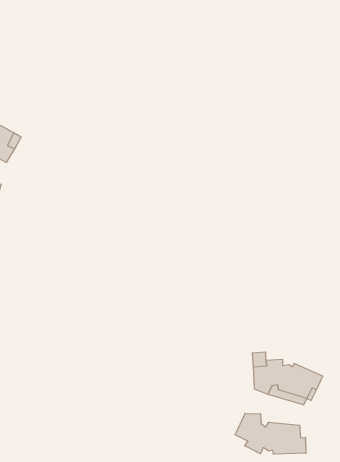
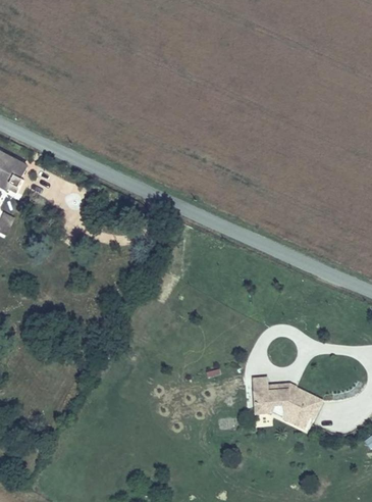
building: [235,413,306,454] -> none

